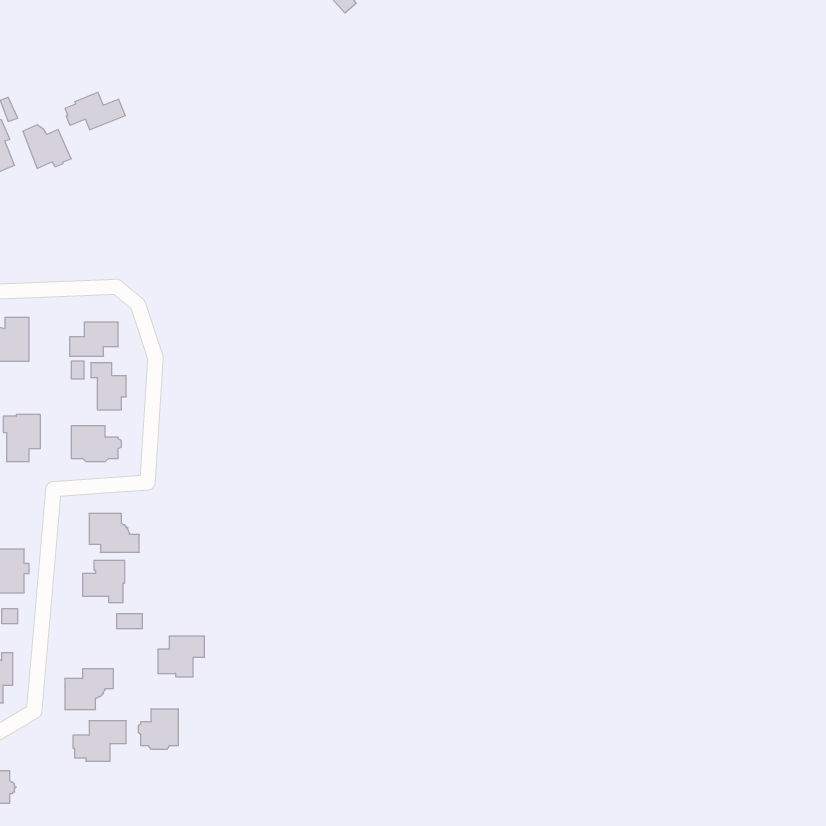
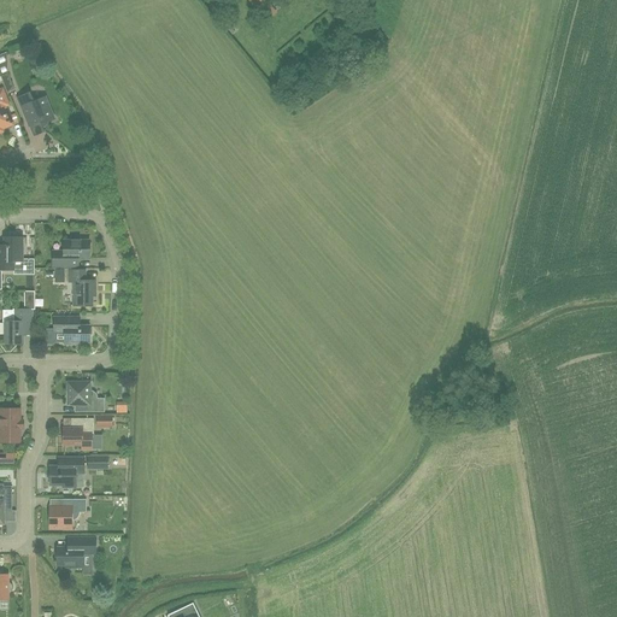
building: [65,92,125,130] -> none
building: [158,636,205,677] -> [48,457,83,487]
building: [138,709,178,749] -> none

